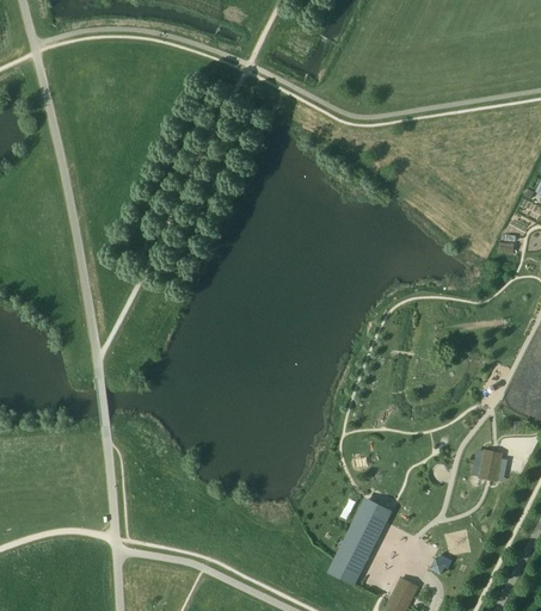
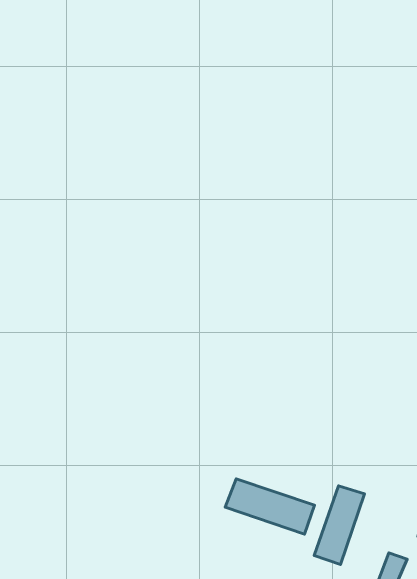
building: none -> [225,479,314,534]

